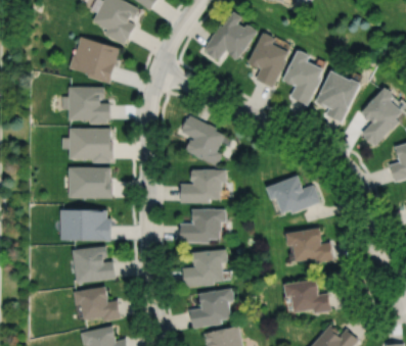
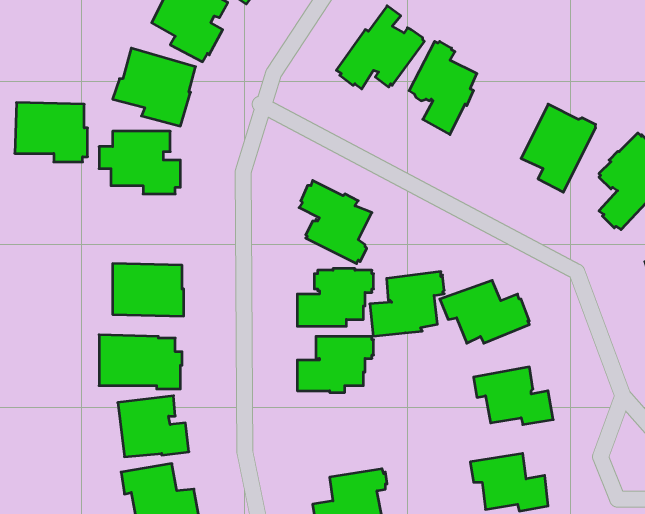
building: [282,49,323,105] -> none
building: [69,127,112,162] -> [15,103,88,162]
building: [182,249,227,288] -> [370,272,444,336]

